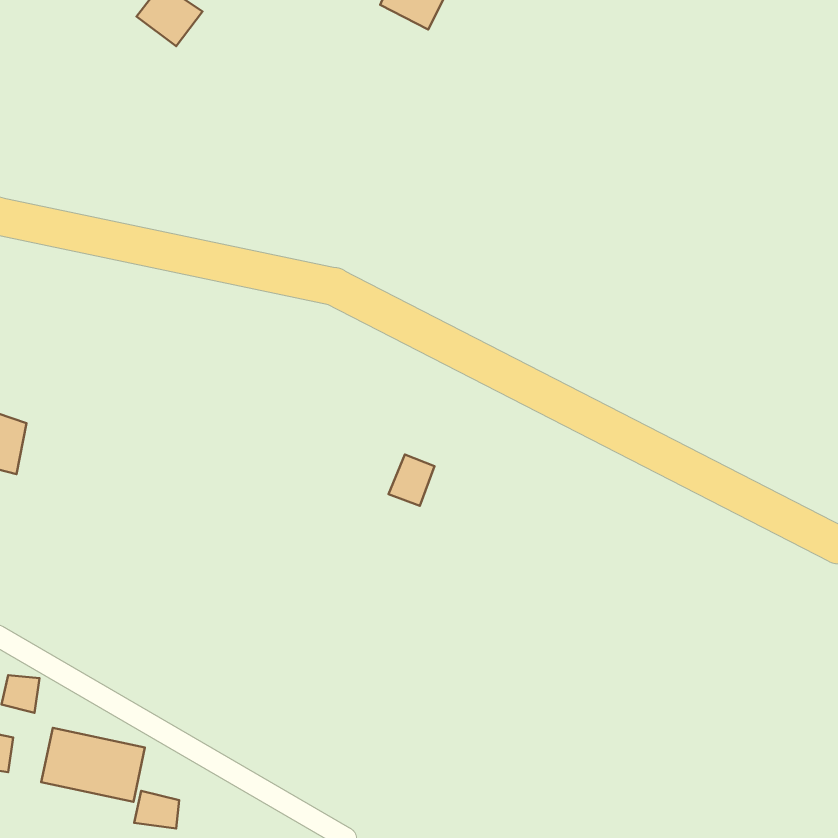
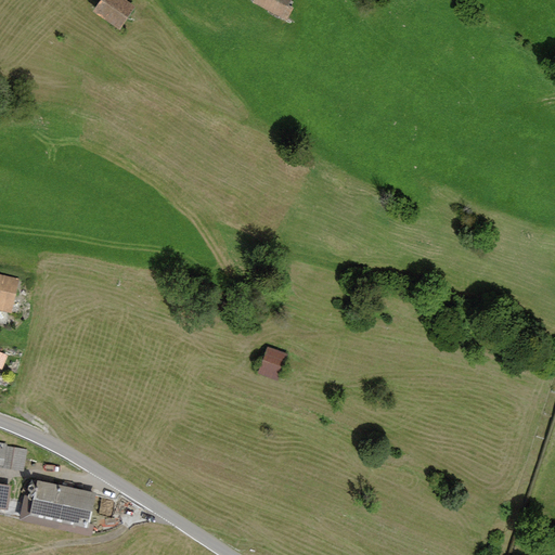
building: [388,455,434,506] -> [255,345,285,378]
building: [134,791,179,828] -> none

